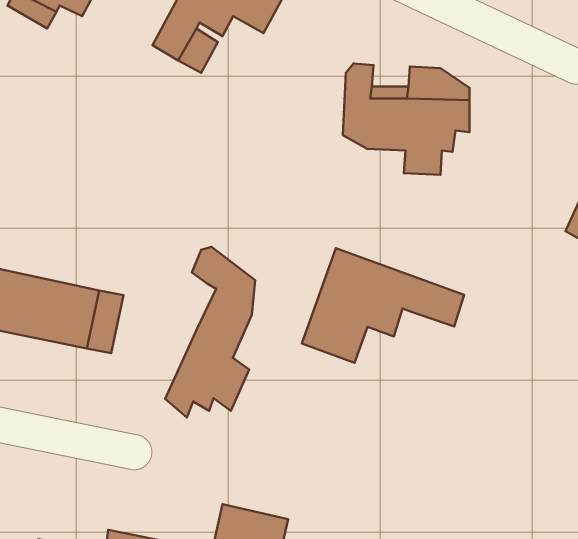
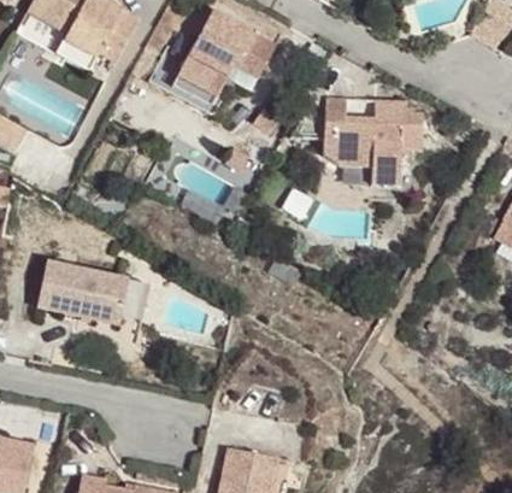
building: [165,247,255,418] -> none
building: [302,248,464,363] -> none

